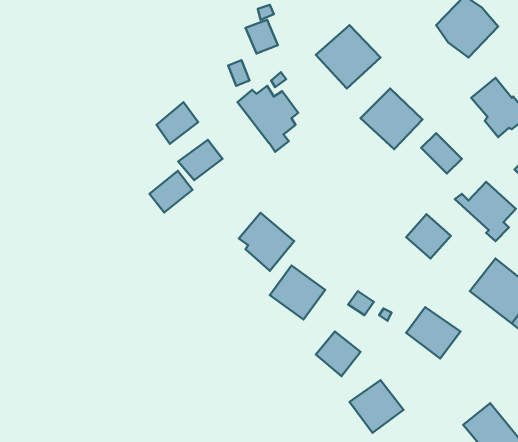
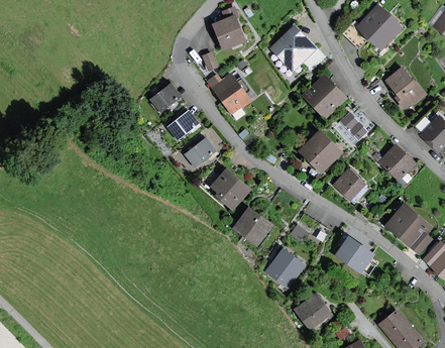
building: none -> [298,127,344,173]
building: [149,171,193,213] -> [186,137,218,168]

